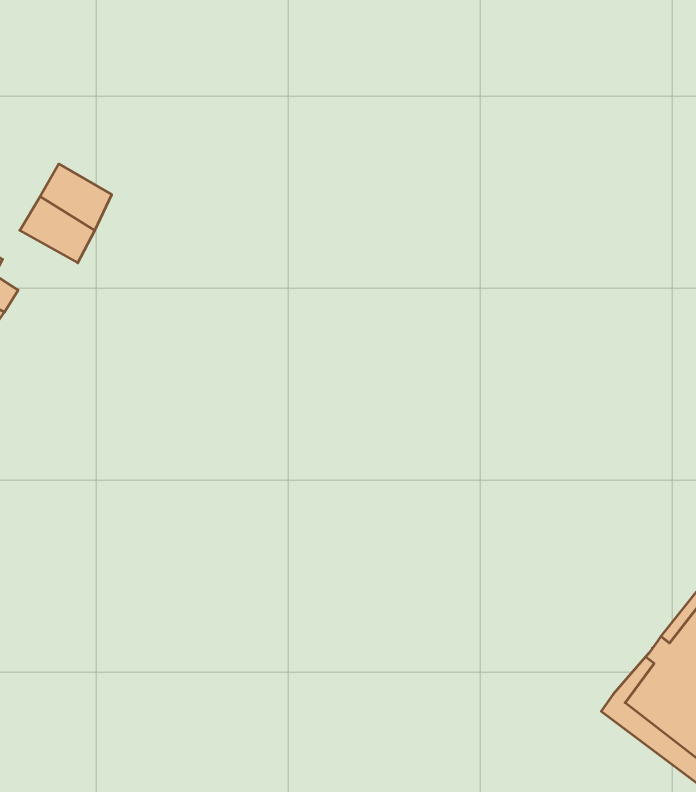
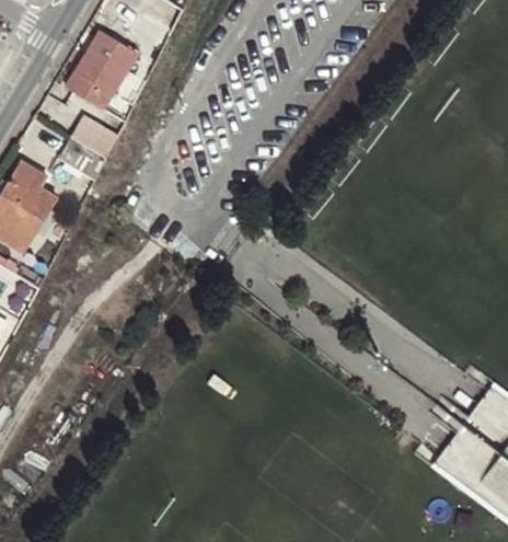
building: none -> [66,30,139,111]

